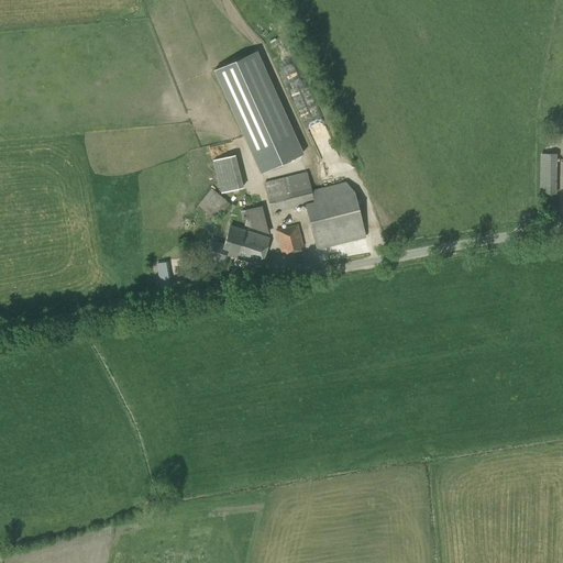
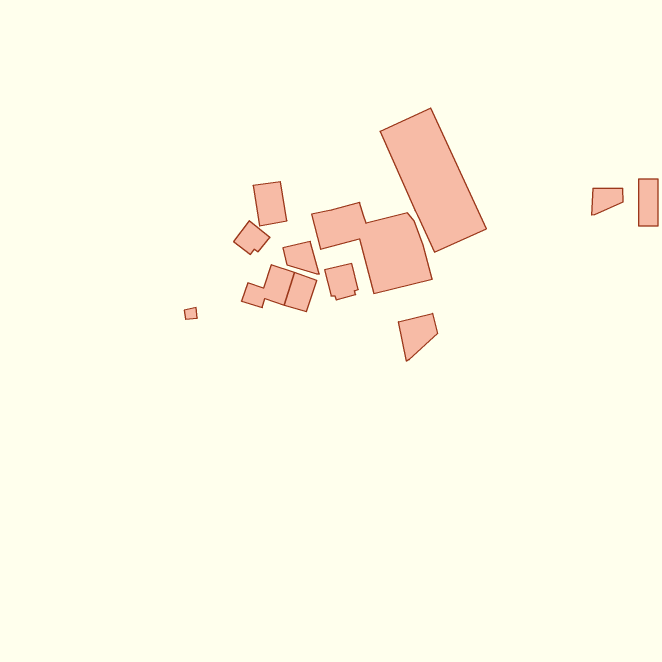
building: [214,49,305,172] -> [380,108,486,252]
building: none -> [592,188,623,215]
building: none -> [399,313,438,361]

